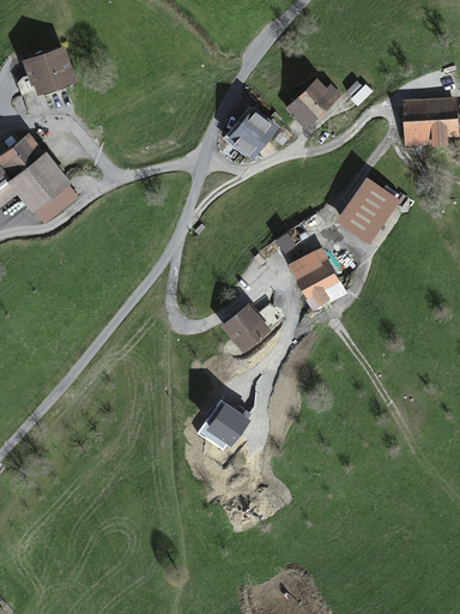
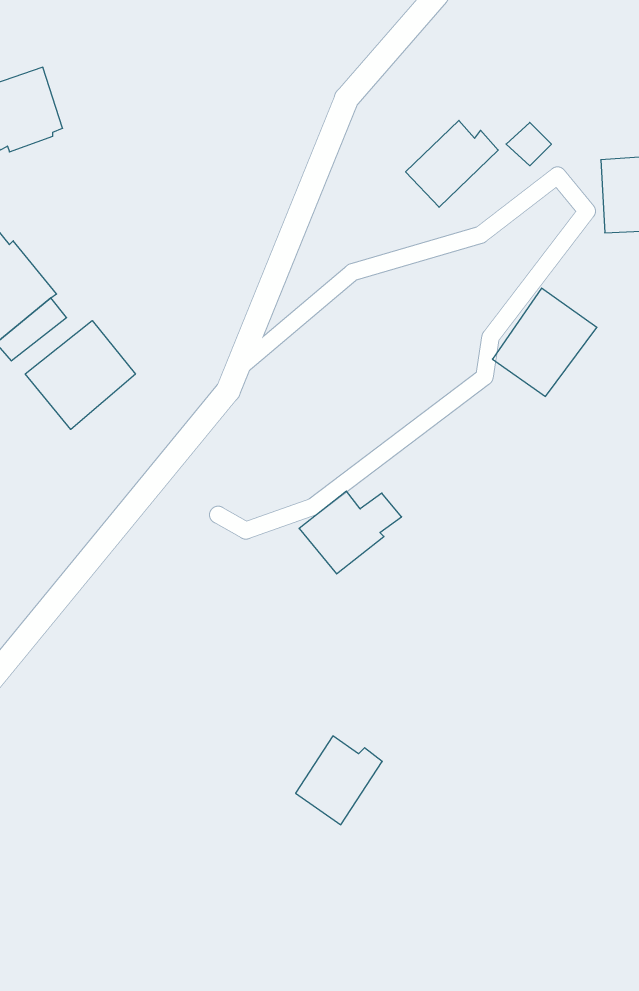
building: [223,106,279,161] -> none
building: none -> [25,321,135,429]
building: [288,246,346,311] -> none
building: [196,399,249,453] -> [296,736,382,825]

